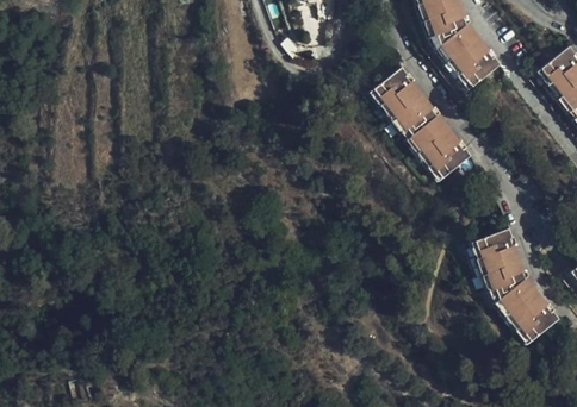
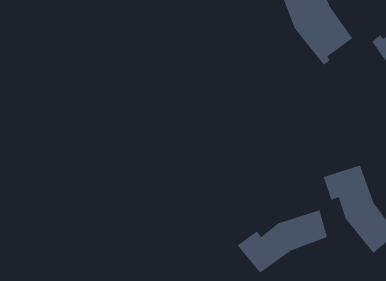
building: [371,65,470,180] -> none
building: none -> [237,210,328,274]

